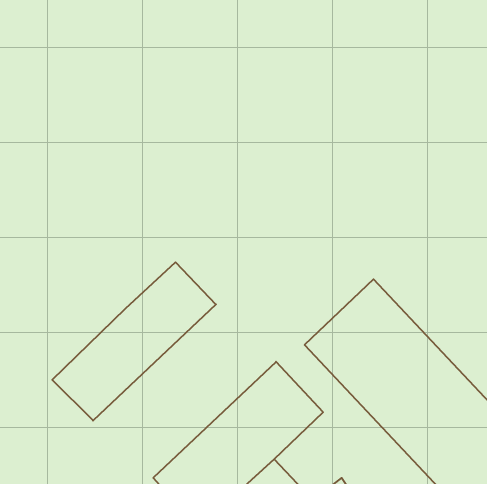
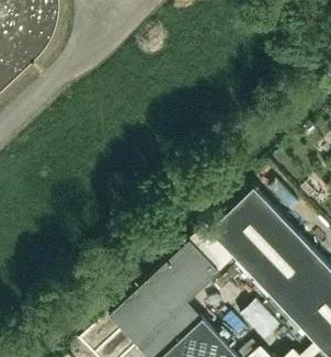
building: [52,262,216,421] -> none

